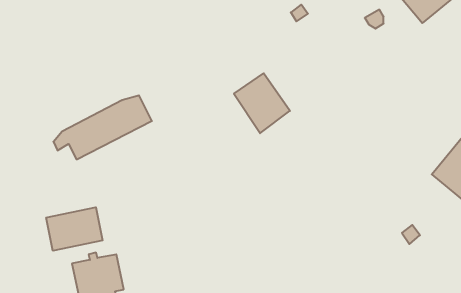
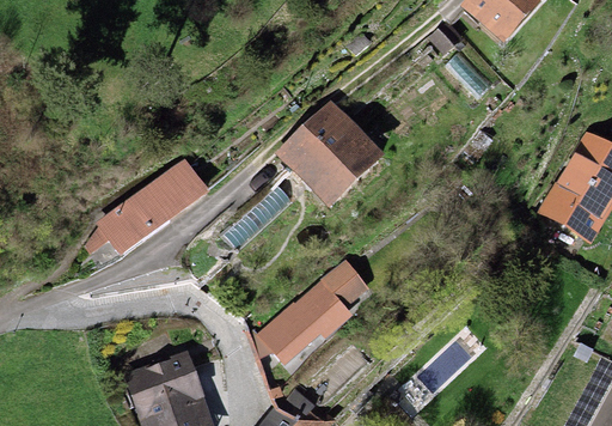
building: none -> [251,263,366,357]
building: [46,207,103,251] -> none

